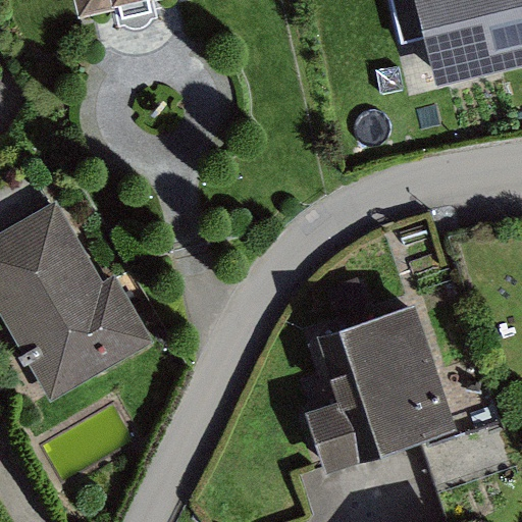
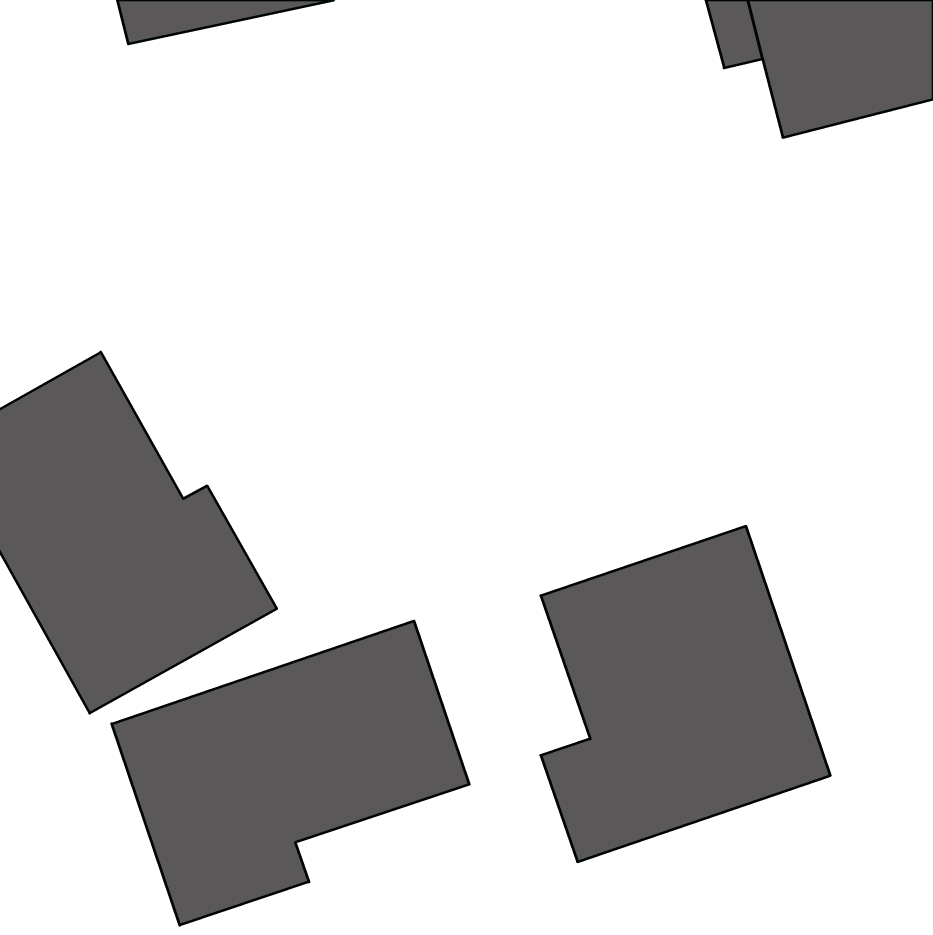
building: none -> [112,621,469,925]

